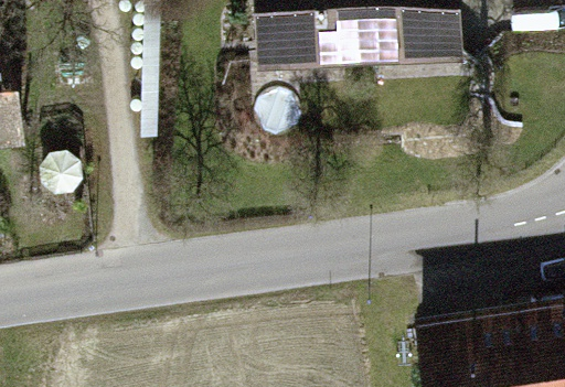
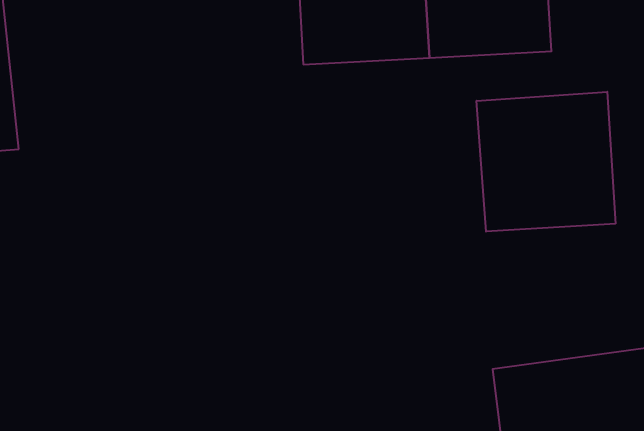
building: none -> [477,92,615,232]

